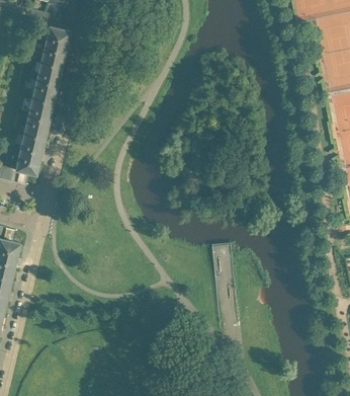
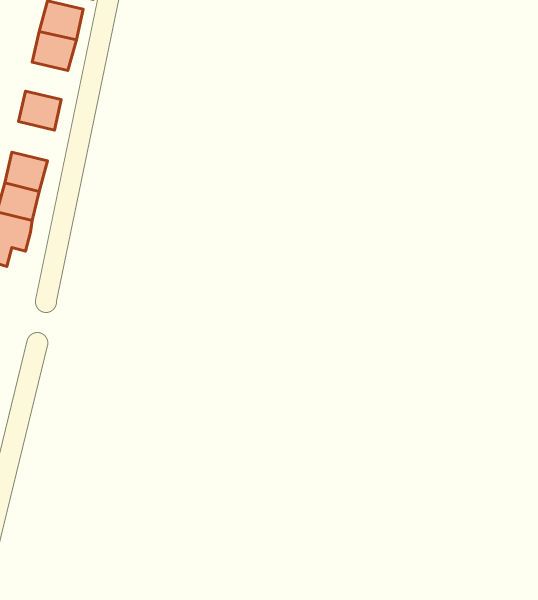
building: [34,62,60,84] -> none
building: [26,97,52,121] -> none

